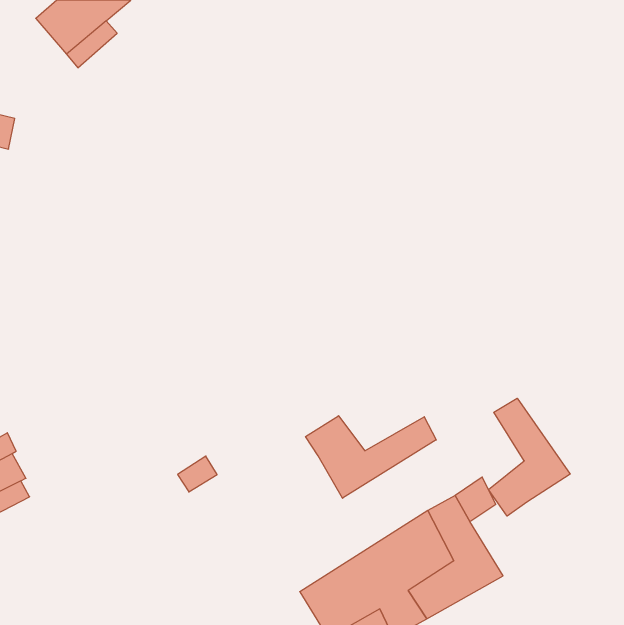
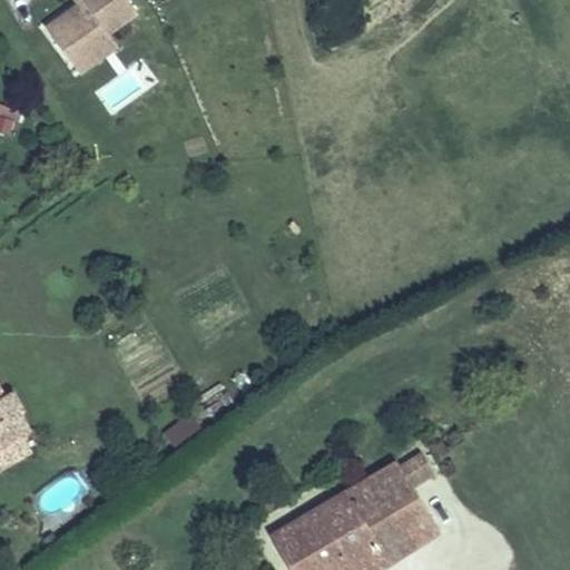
building: [488,398,570,516] -> none
building: [306,416,436,498] -> none

